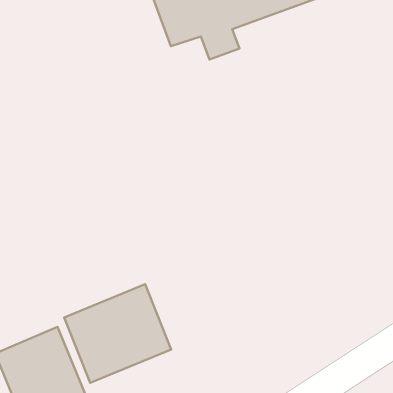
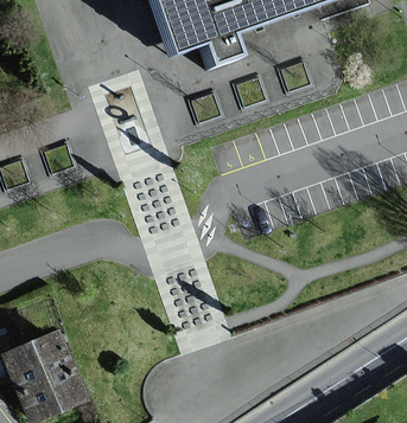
building: [64,284,171,383] -> none

